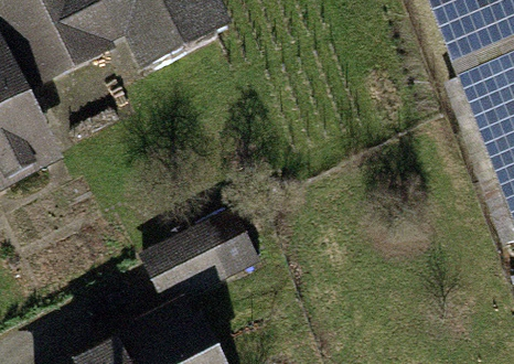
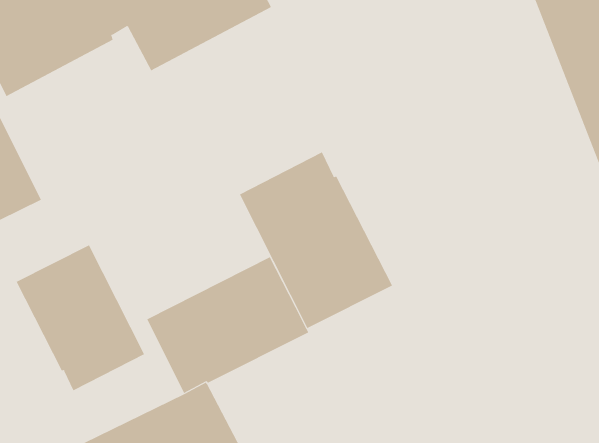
building: none -> [239,151,393,329]
building: none -> [16,244,145,391]

